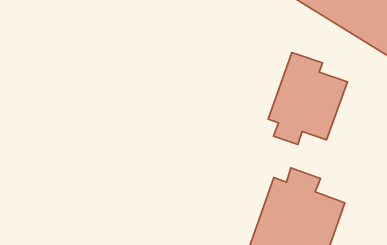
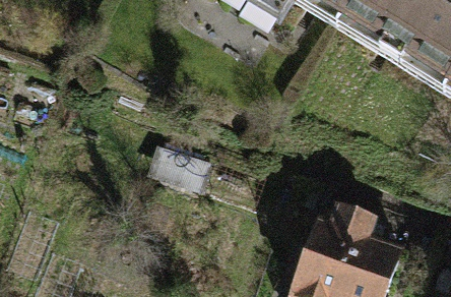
building: [268,53,348,144] -> none

